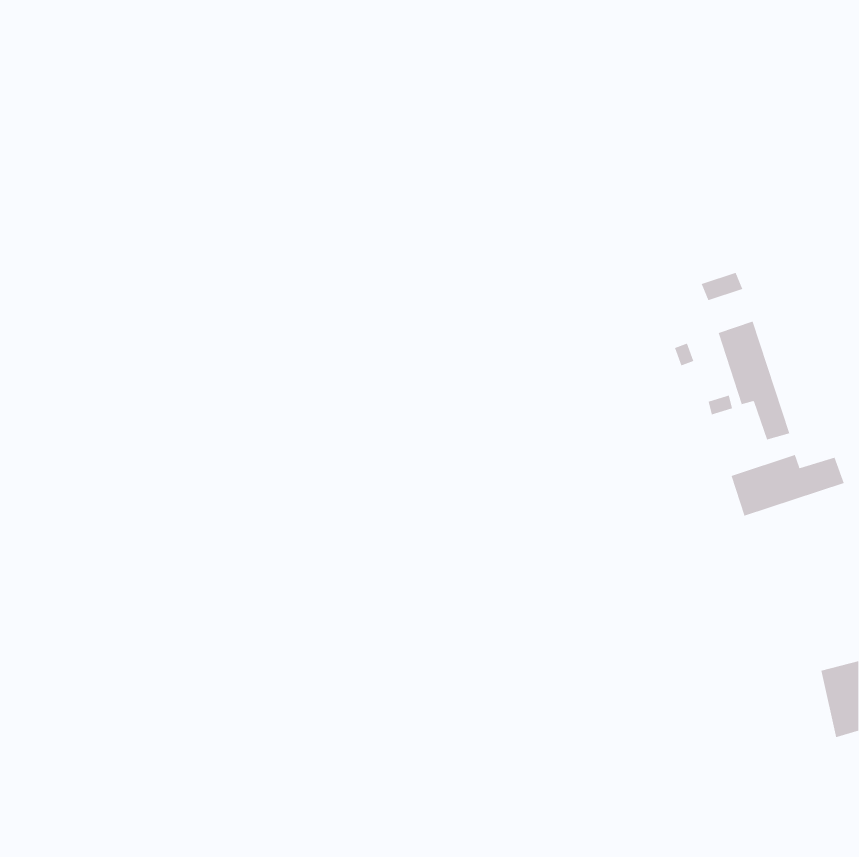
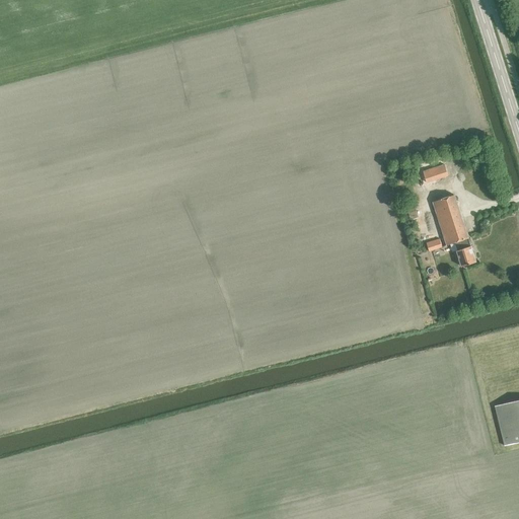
building: [731,454,844,516] -> none

